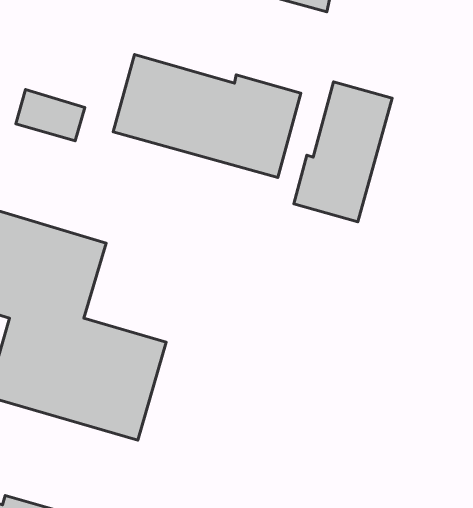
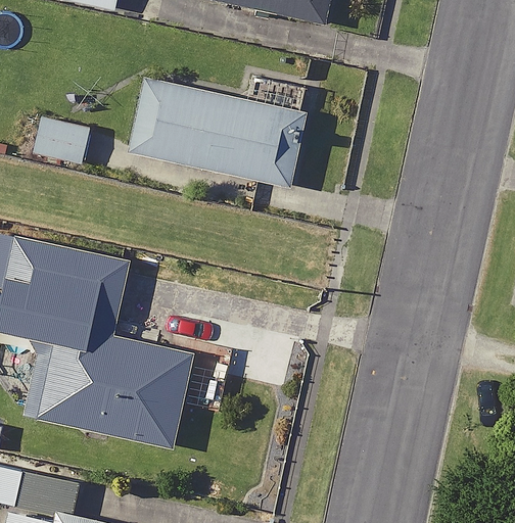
building: [294,82,392,222] -> none

